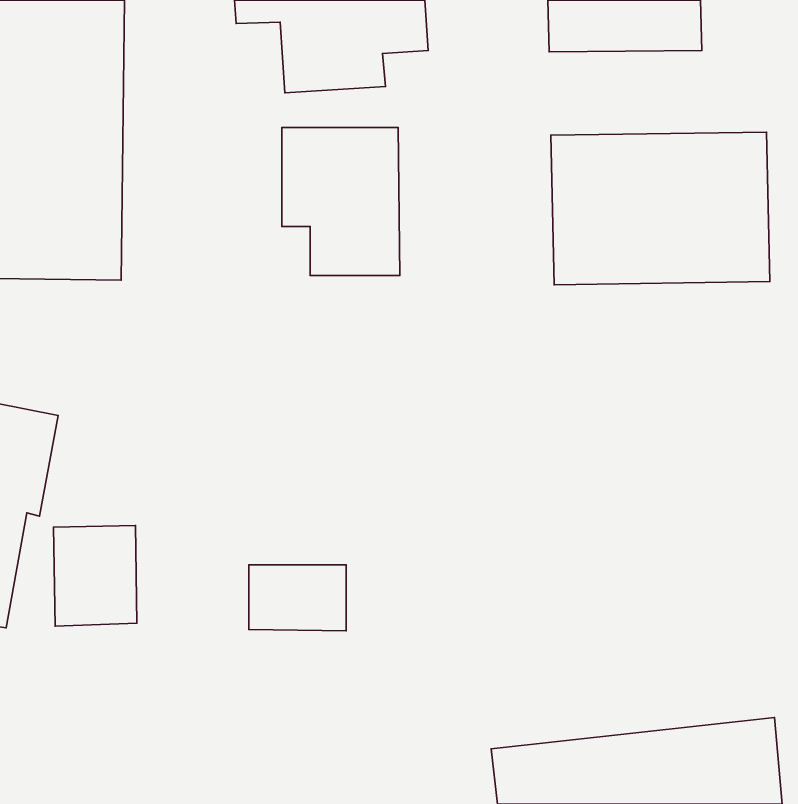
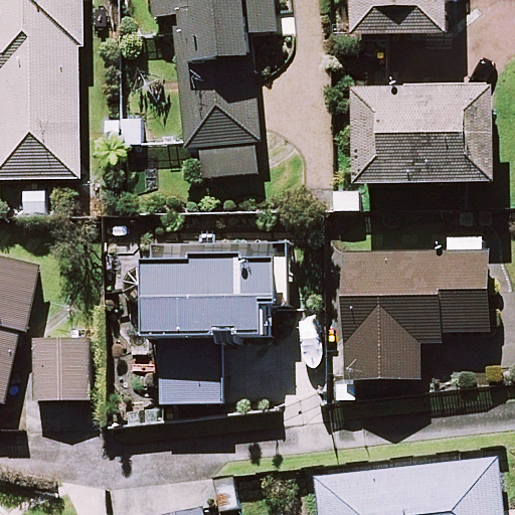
building: none -> [141,250,289,337]
building: none -> [343,252,486,378]

